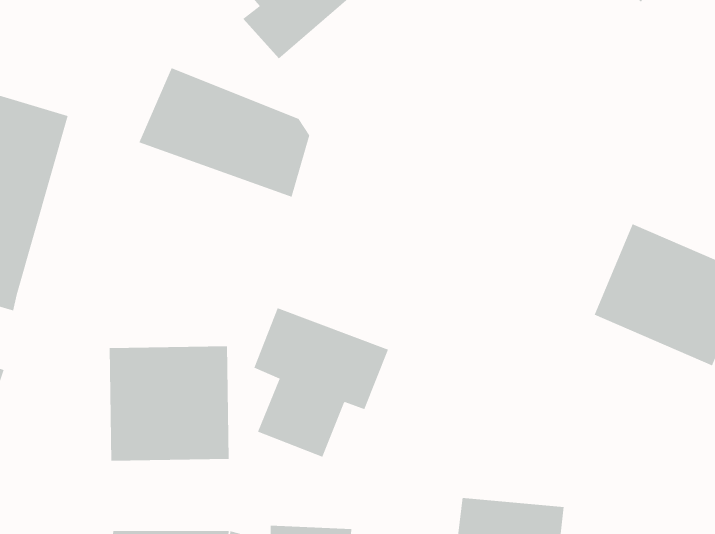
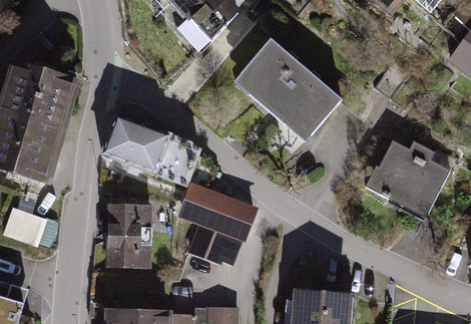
building: none -> [233,38,342,140]
building: [138,68,310,197] -> [103,114,197,186]

